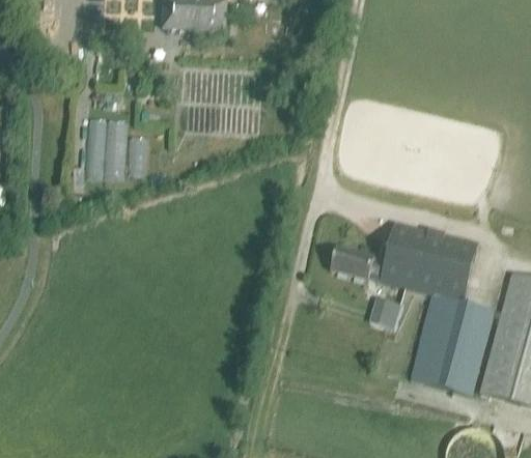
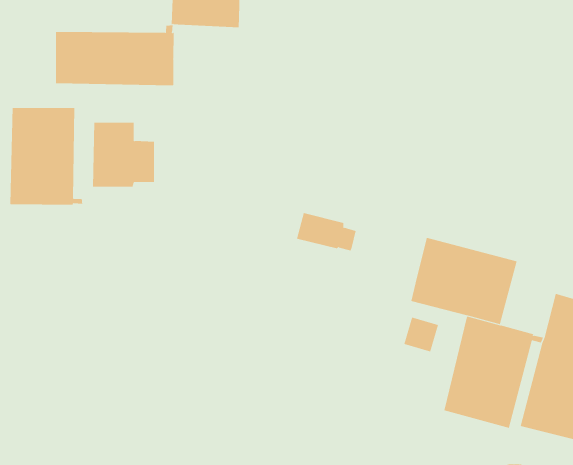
building: none -> [55,24,174,86]
building: none -> [10,107,83,205]
building: [330,246,385,281] -> [296,213,357,251]

